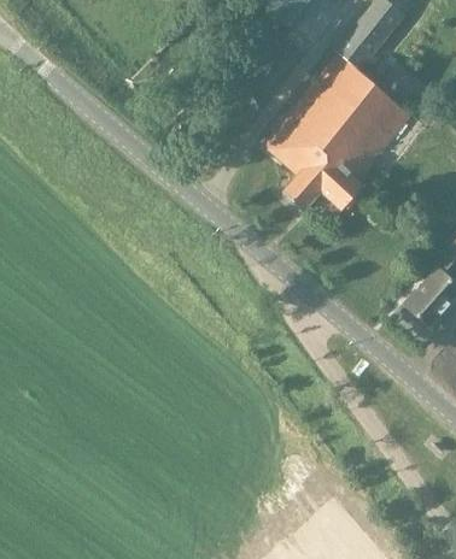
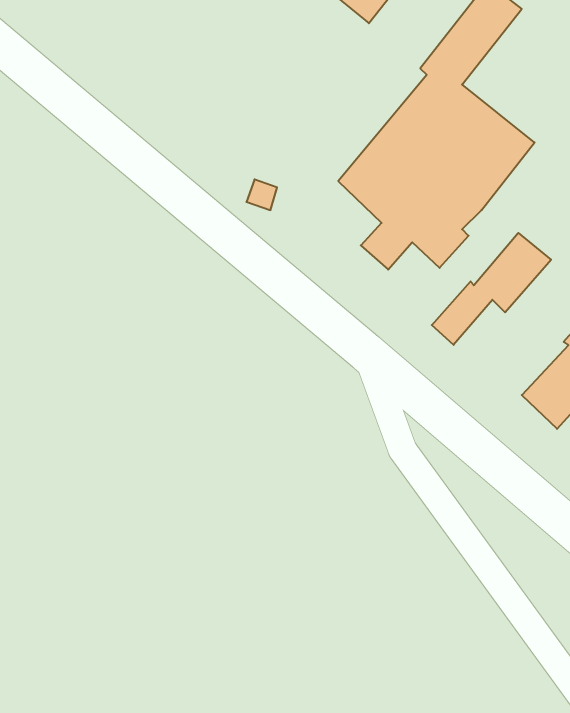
building: none -> [432,233,551,345]

